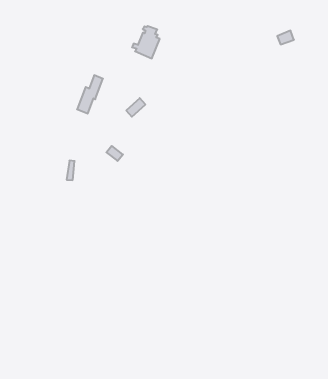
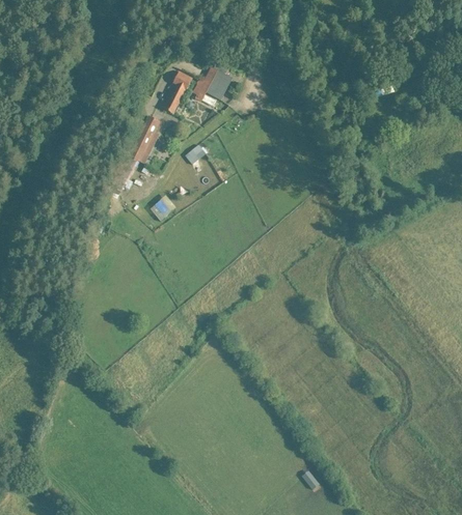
building: none -> [163,71,192,112]

